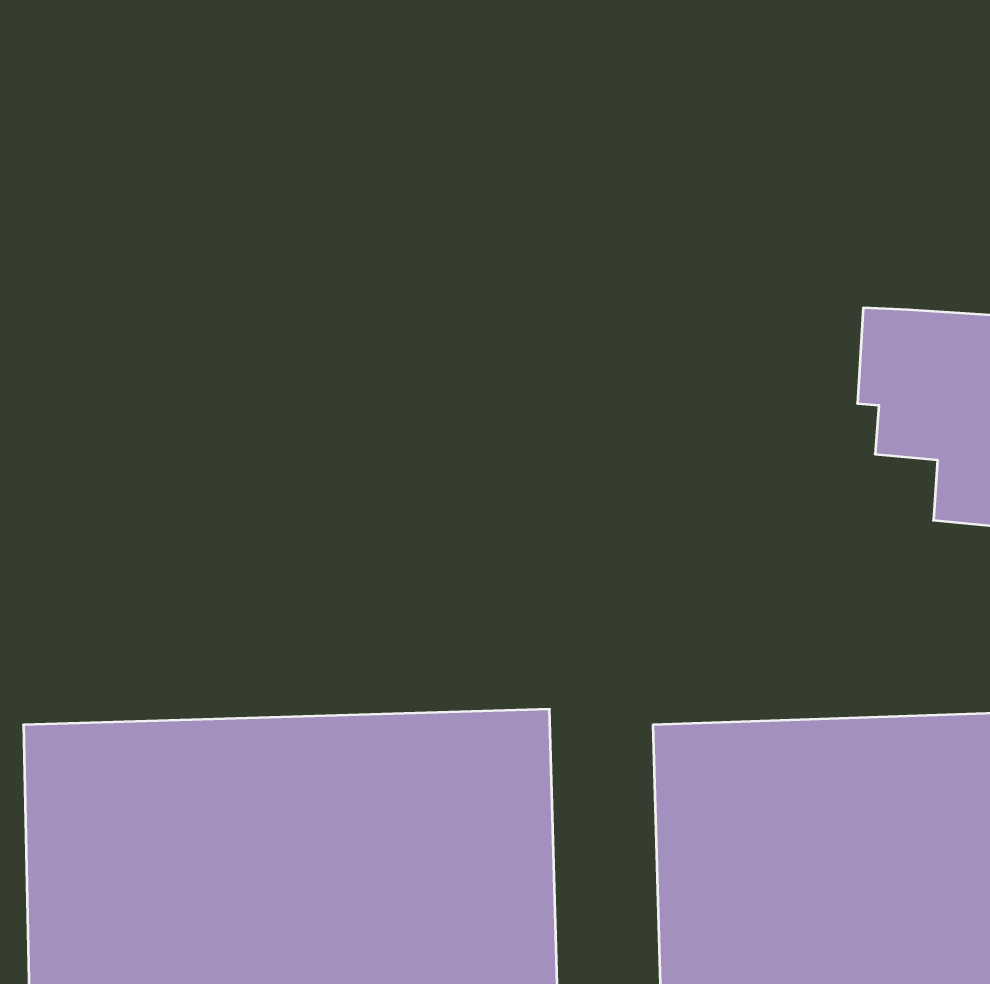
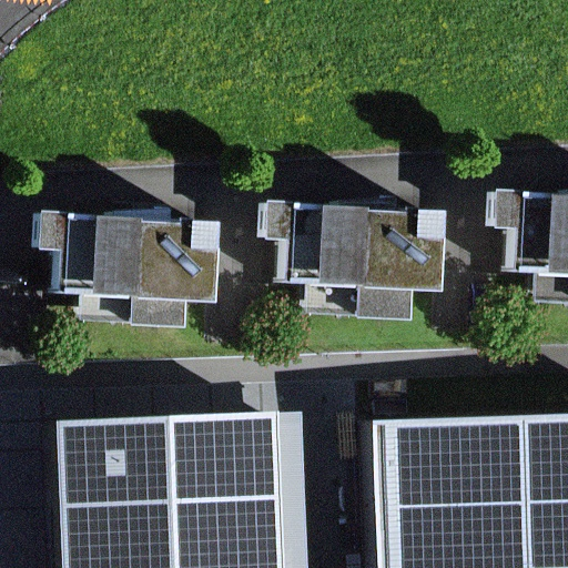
building: none -> [257,195,453,322]
building: none -> [30,201,223,333]

